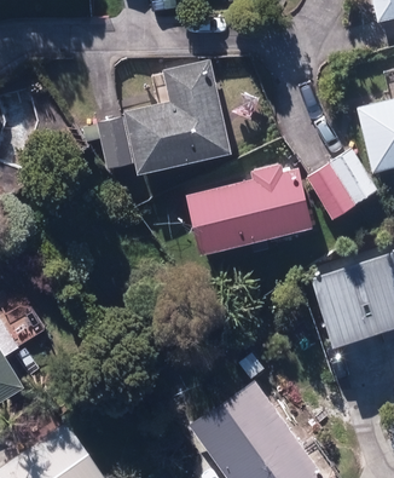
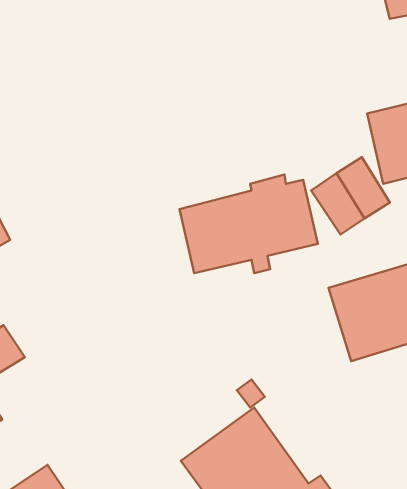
building: [97,61,232,175] -> none

